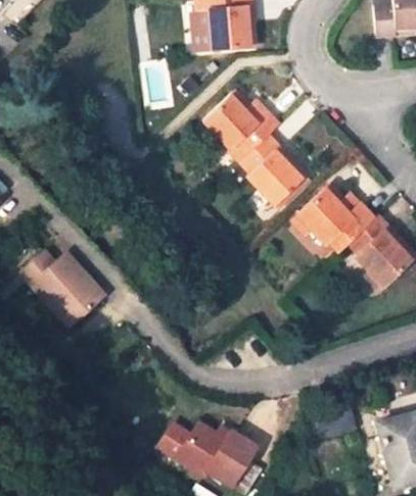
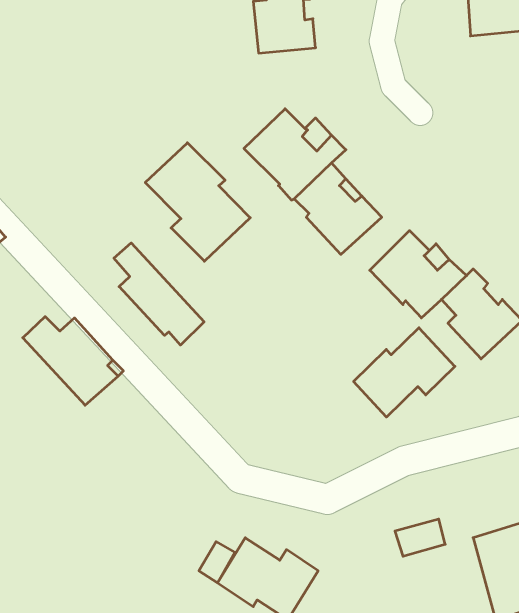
building: none -> [145,143,250,261]
building: none -> [114,243,204,345]
building: none -> [354,328,455,417]

